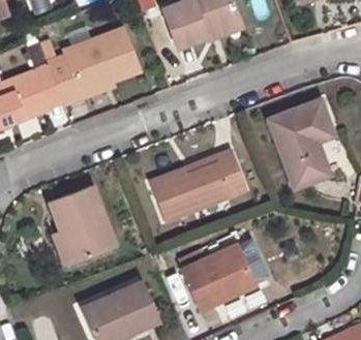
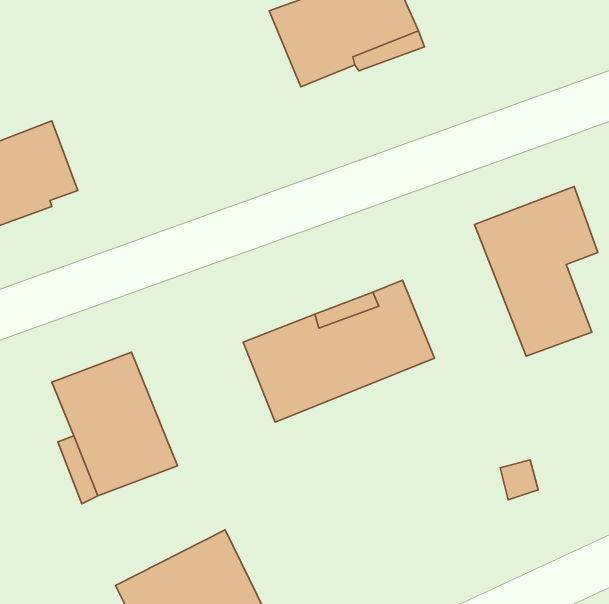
building: [47,28,140,104] -> none
building: [180,242,257,307] -> none

